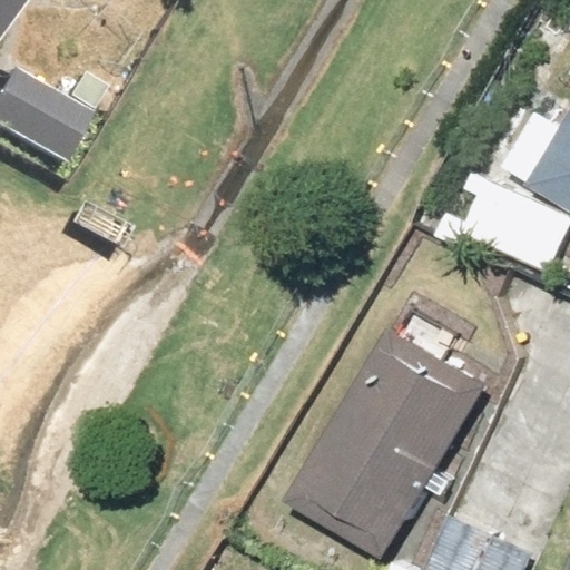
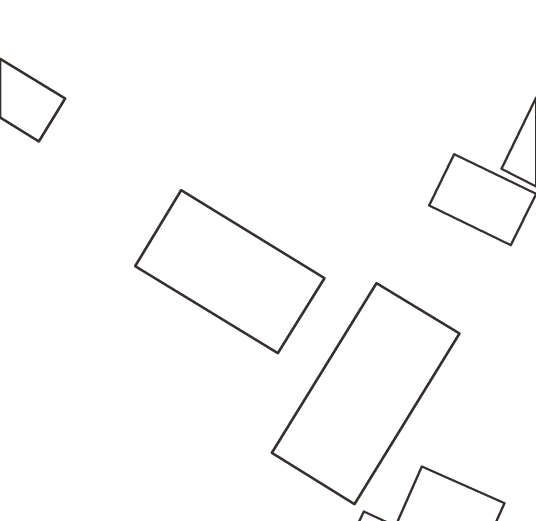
building: none -> [135,190,324,353]

